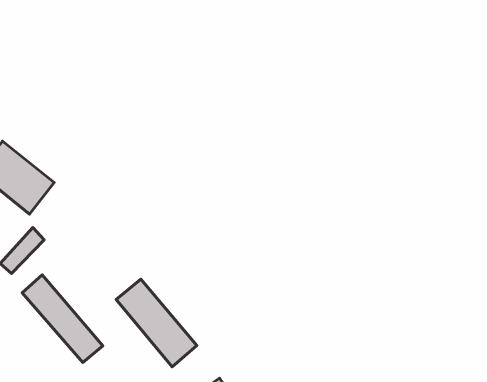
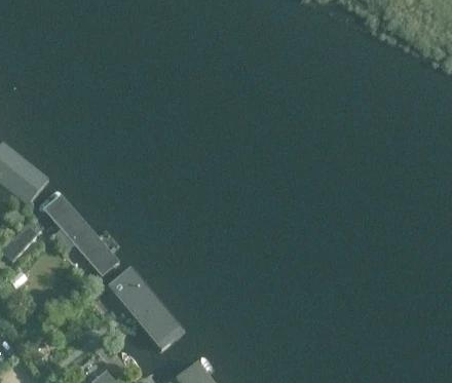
building: [22,275,103,363] -> [45,194,119,274]

